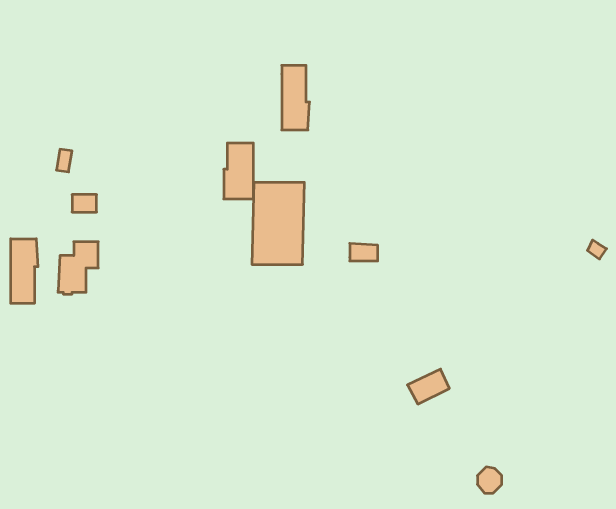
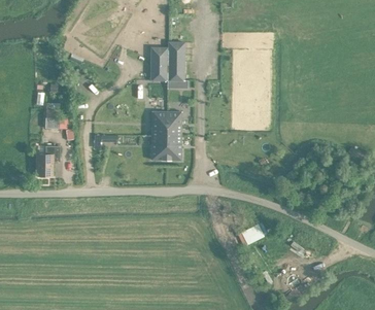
building: [224,143,253,199] -> [150,47,168,80]
building: [11,239,38,303] -> none

